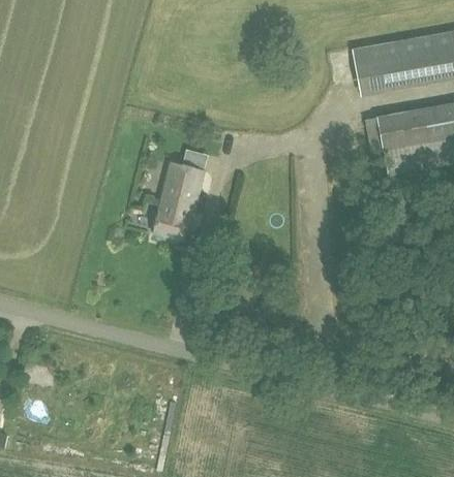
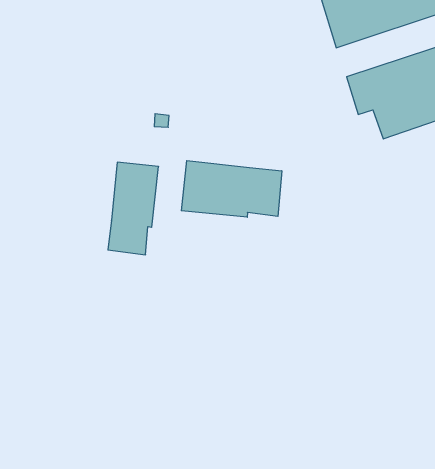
building: none -> [181,161,282,217]

